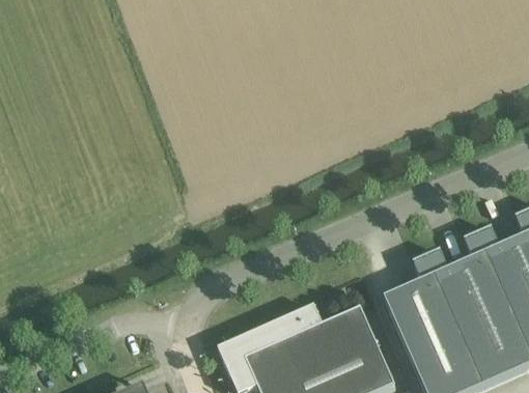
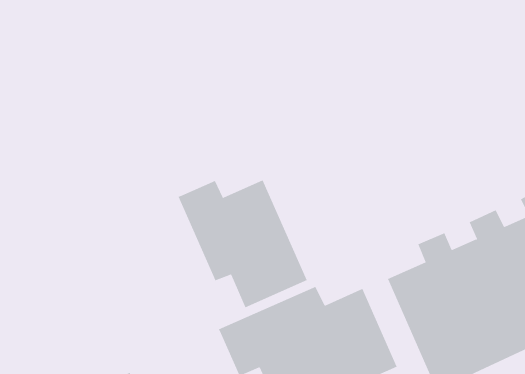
building: none -> [178,179,308,308]

